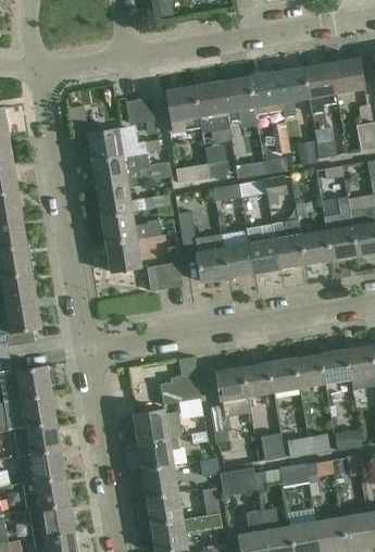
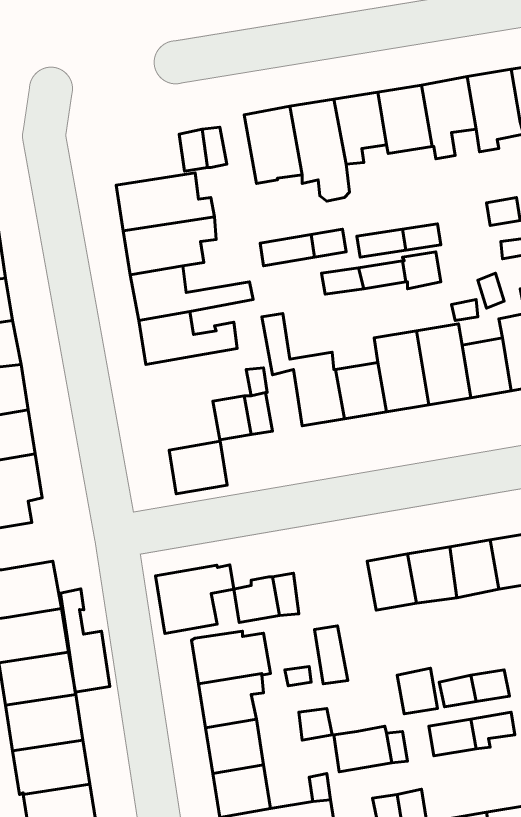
building: [105,239,141,272] -> [169,441,227,494]
building: [216,366,248,401] -> none
building: none -> [156,565,234,633]
building: none -> [60,589,110,692]

